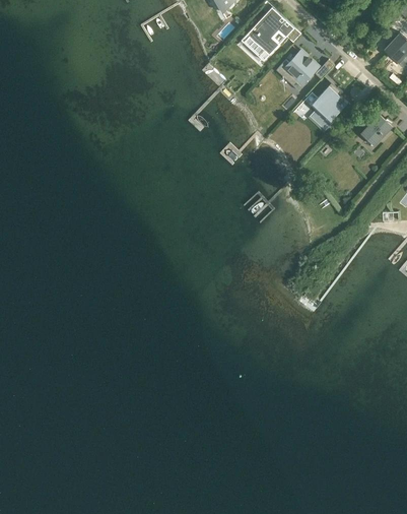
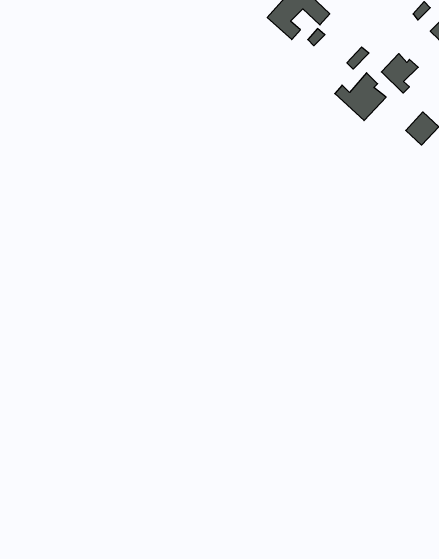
building: [277,52,317,84] -> none
building: none -> [381,54,418,93]

